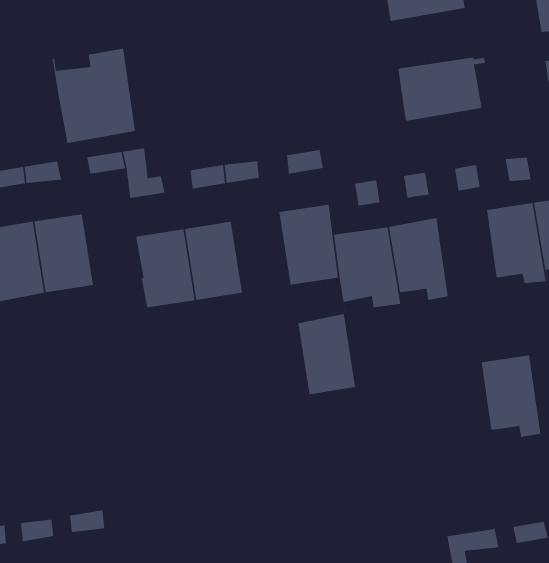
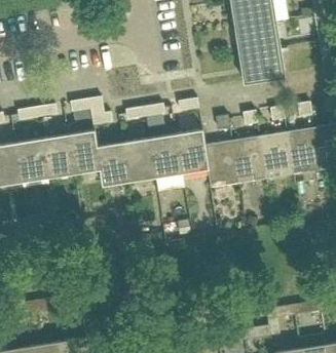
building: none -> [234,23,283,55]
building: [52,48,136,144] -> none
building: none -> [67,130,100,173]
building: [297,314,356,395] -> [148,133,180,178]
building: [481,355,541,441] -> [260,132,293,180]

